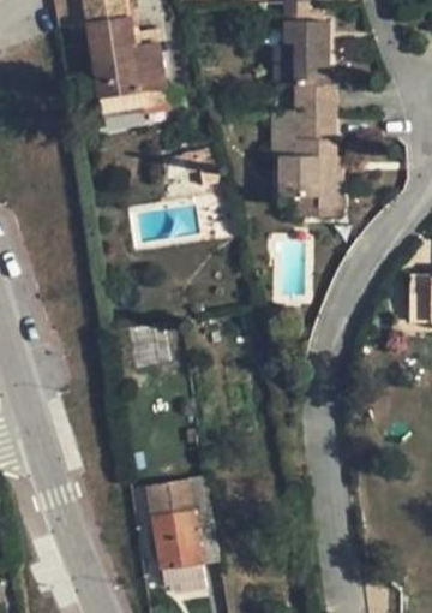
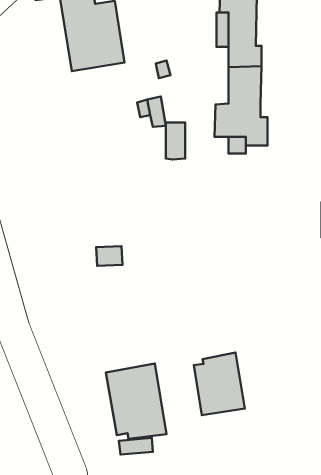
building: [270,111,294,156] -> [166,122,185,160]
building: none -> [194,352,245,415]

